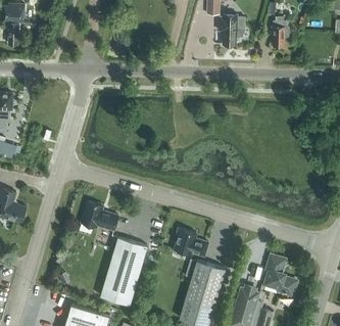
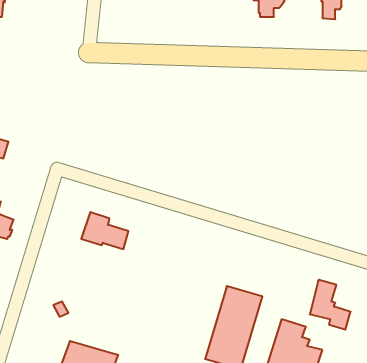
building: [174,228,208,257] -> none
building: [99,236,146,305] -> none

